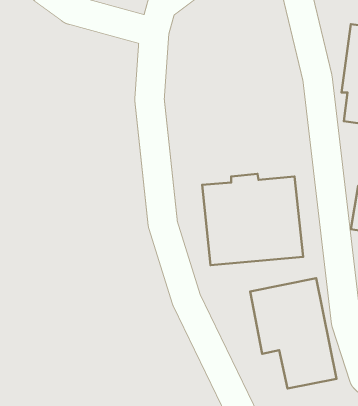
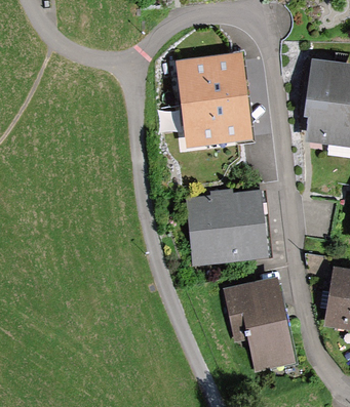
building: none -> [184,62,258,154]

